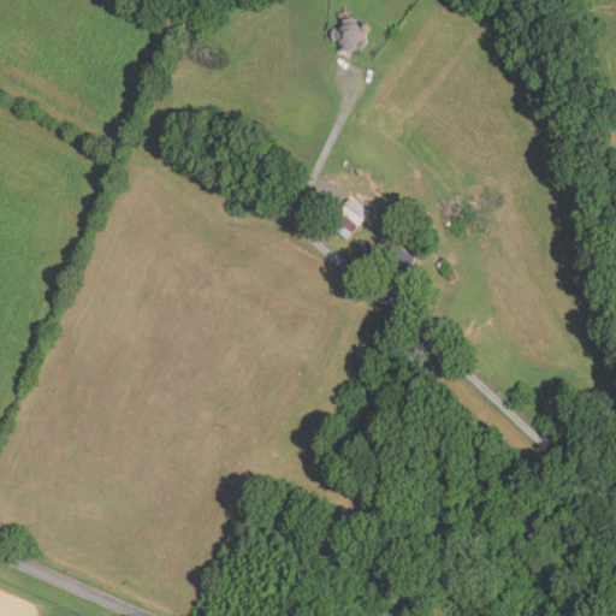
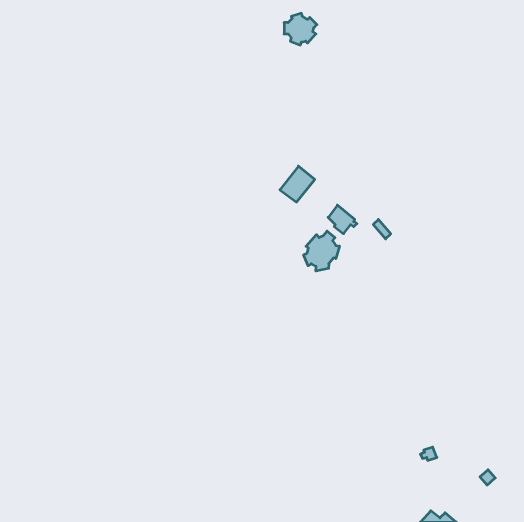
building: none -> [304,231,339,271]

